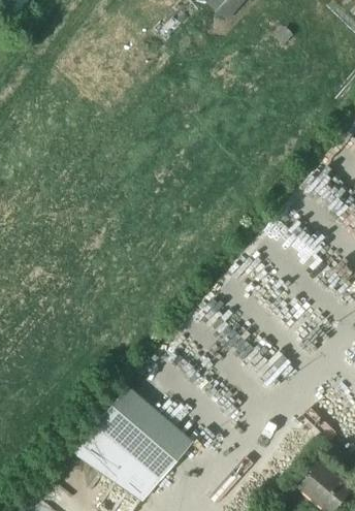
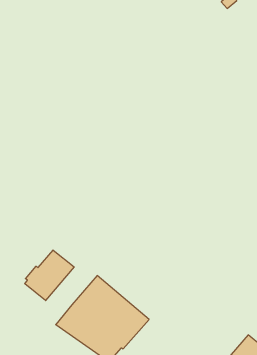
building: none -> [25,250,74,301]

